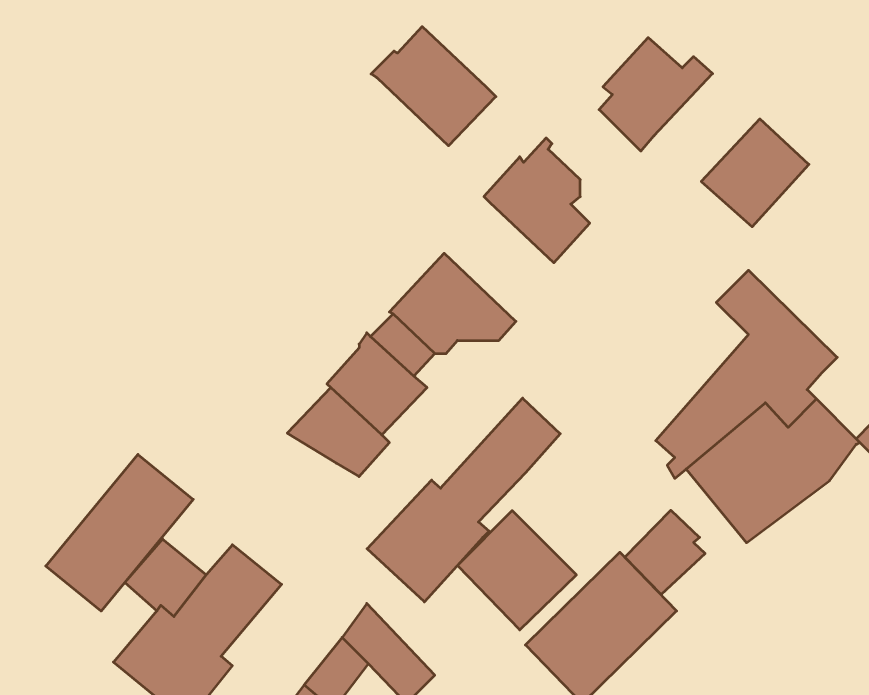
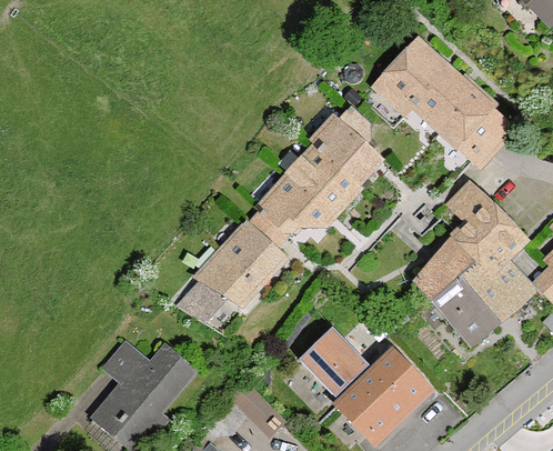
building: [371,27,496,146] -> [288,144,361,214]
building: none -> [414,69,476,132]
building: [367,398,560,602] -> none
building: none -> [178,280,228,321]
building: [46,454,193,611] -> none
building: [625,510,705,594] -> none

